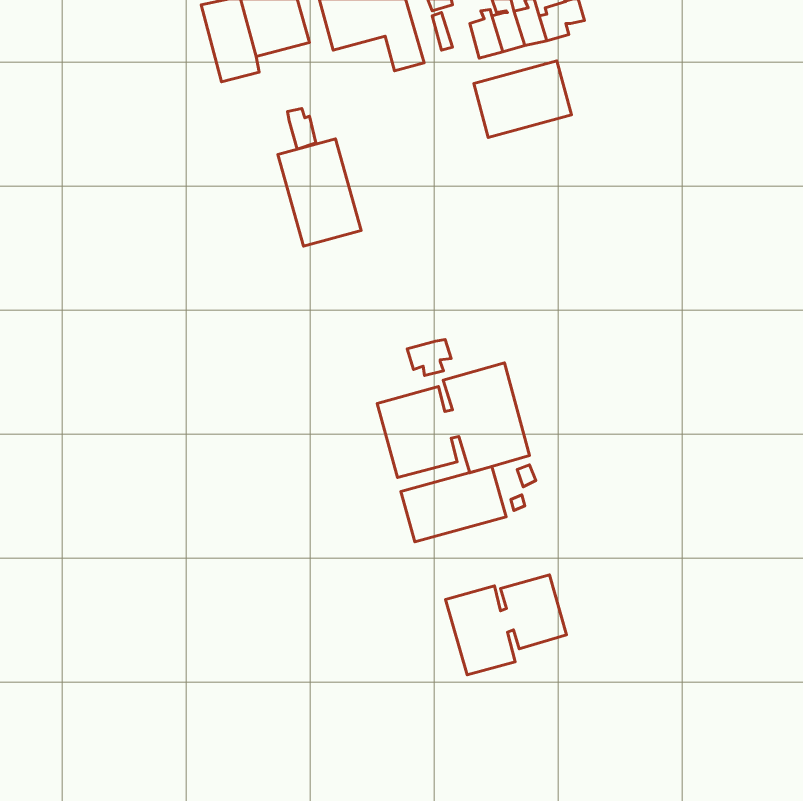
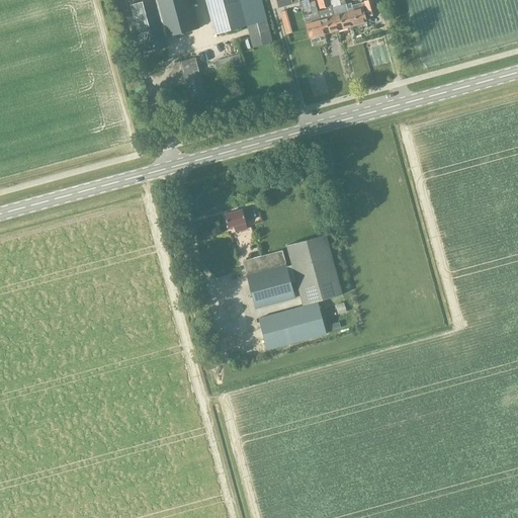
building: [474,61,571,138] -> none
building: [278,139,361,246] -> none
building: [407,340,451,376] -> [224,207,252,231]
building: [445,575,566,675] -> none

